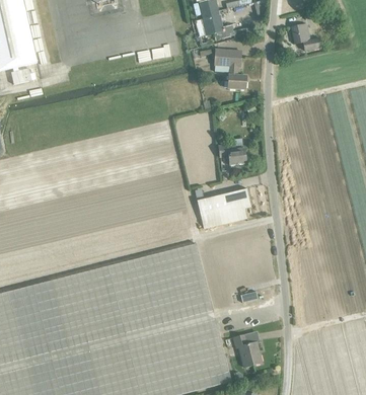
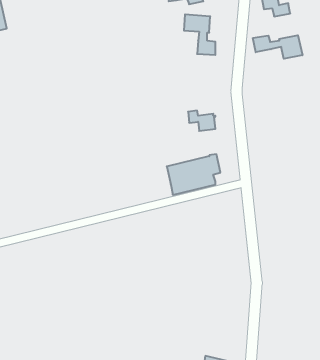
building: none -> [253,35,302,59]
building: [233,333,262,367] -> none

